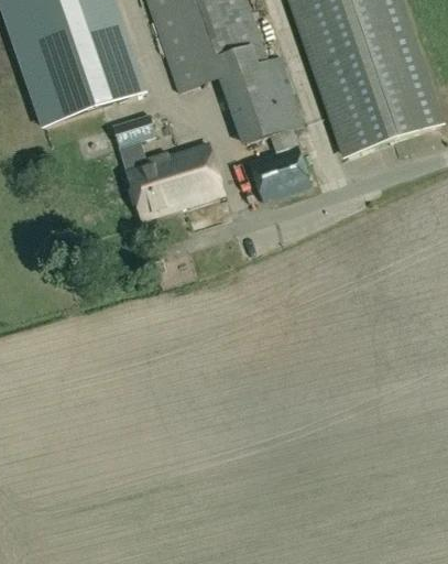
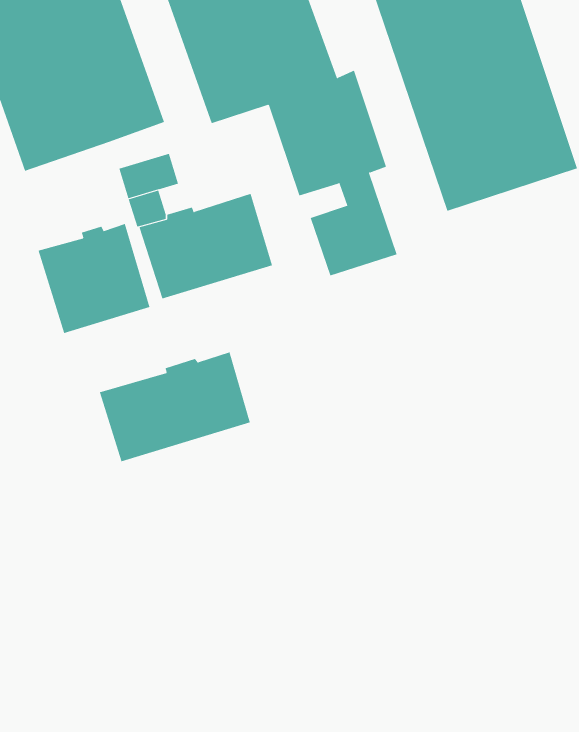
building: none -> [38,223,150,334]
building: none -> [99,351,250,462]

